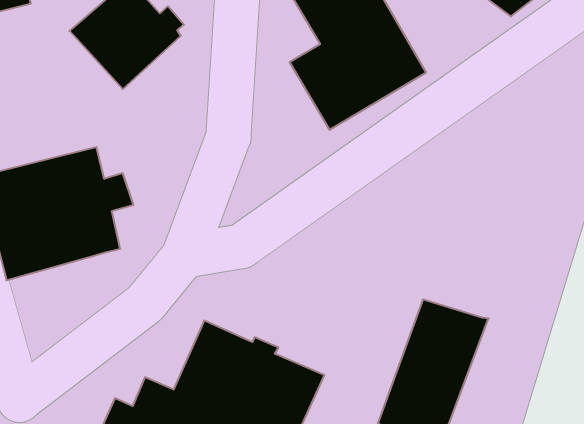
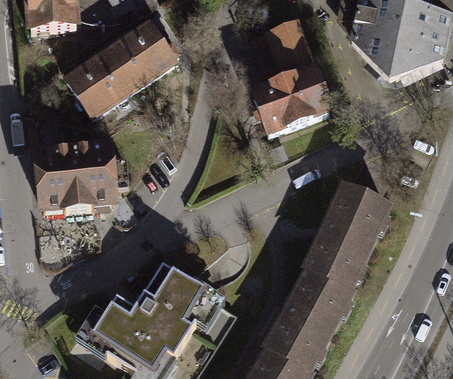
building: none -> [61,53,131,124]
building: none -> [308,182,388,284]

